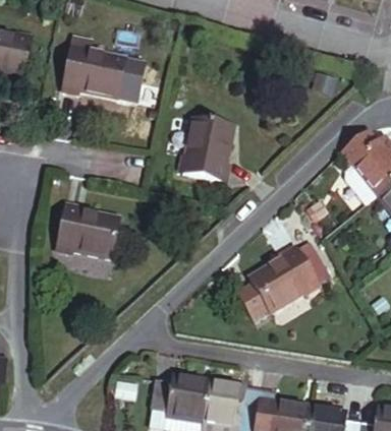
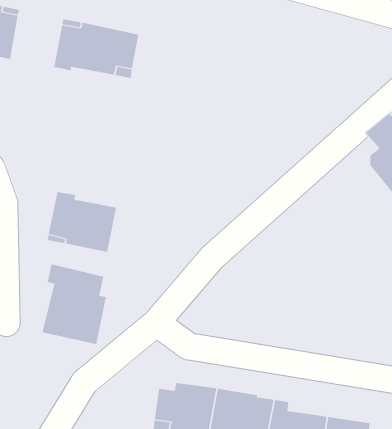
building: [185,116,232,178] -> none
building: [236,244,320,316] -> none
building: none -> [42,264,107,345]

